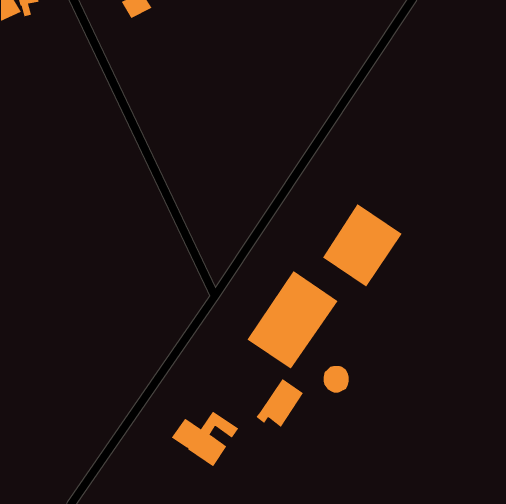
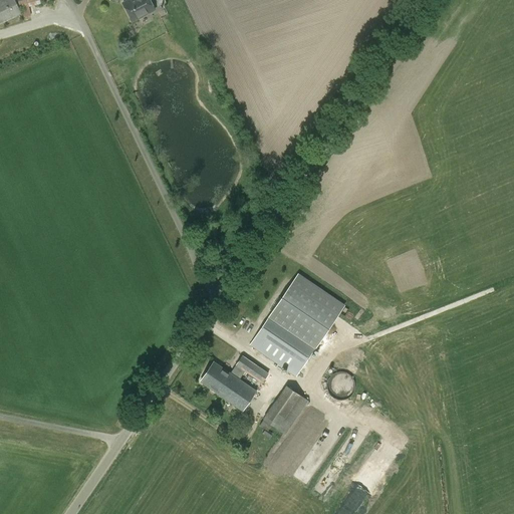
building: [322,203,403,288] -> none
building: [171,411,239,467] -> [200,353,269,411]

